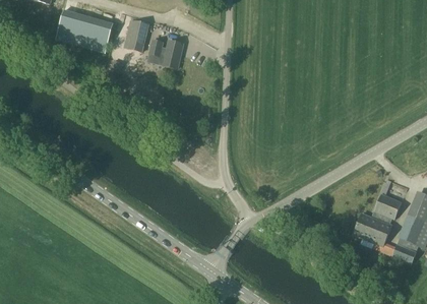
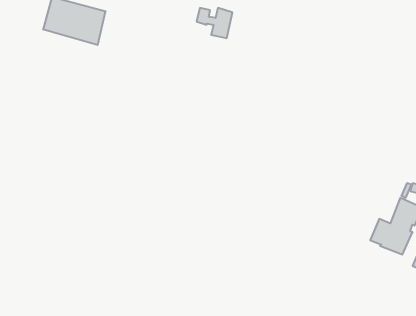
building: [127,20,148,51] -> none
building: [149,40,182,67] -> [197,8,232,38]

